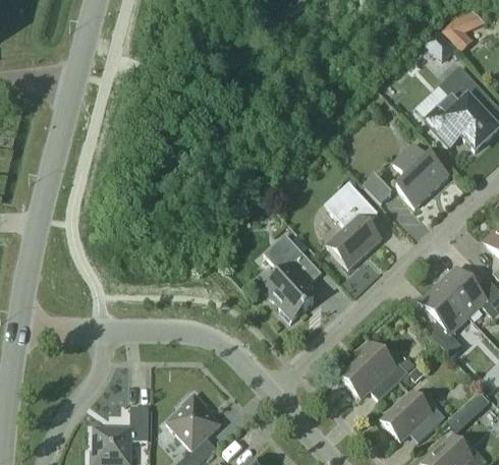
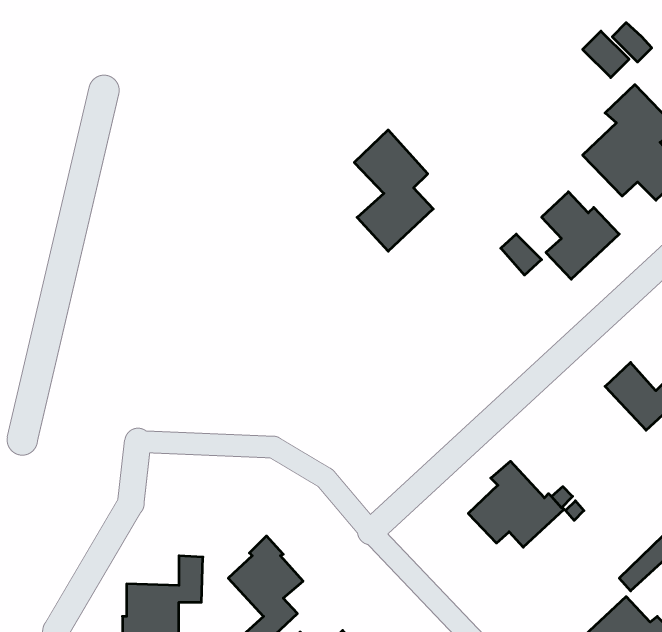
building: [325,180,382,268] -> [354,130,433,251]
building: [264,232,315,321] -> none
building: [421,283,468,355] -> none
building: [382,391,446,441] -> none

